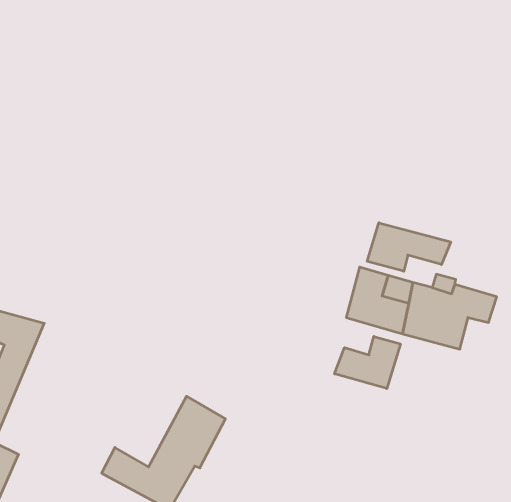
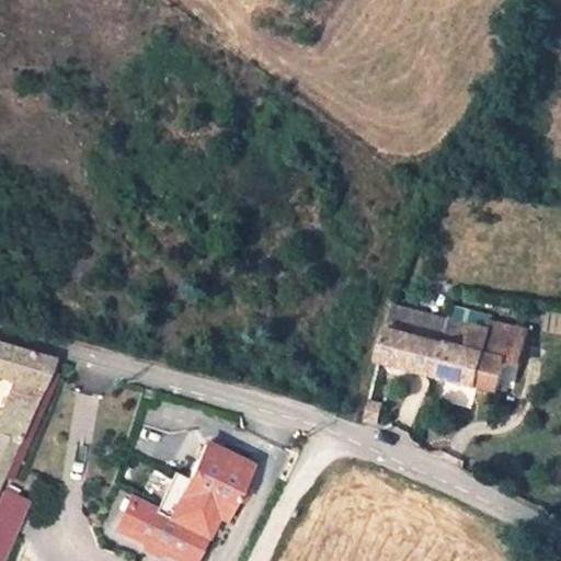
building: [367,223,451,271] -> none
building: [335,336,400,389] -> none

